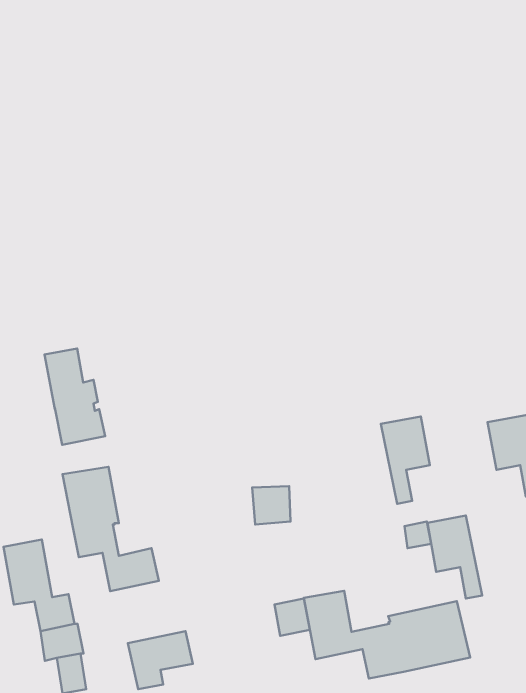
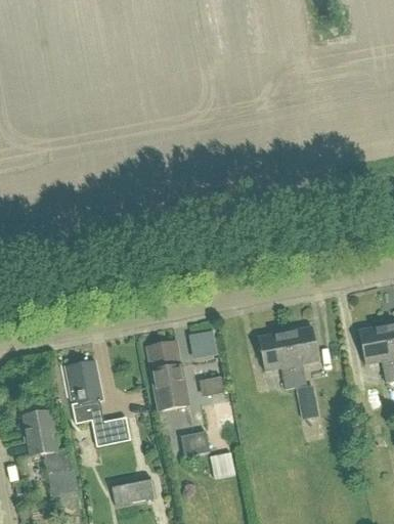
building: [45,349,105,445] -> [147,344,189,410]
building: none -> [187,328,216,356]
building: [427,515,482,598] -> [258,332,296,389]
building: none -> [181,432,210,457]
building: [304,591,470,678] -> none

